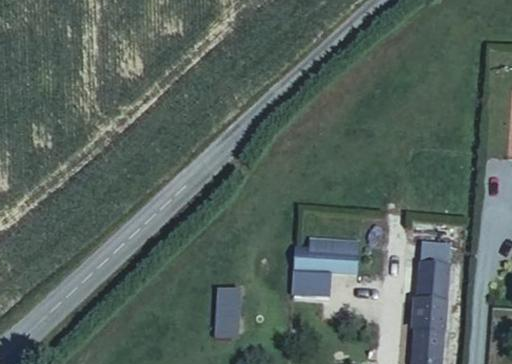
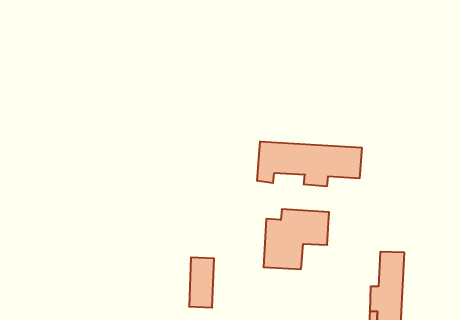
building: none -> [257,141,362,186]
building: [411,259,447,315] -> none

